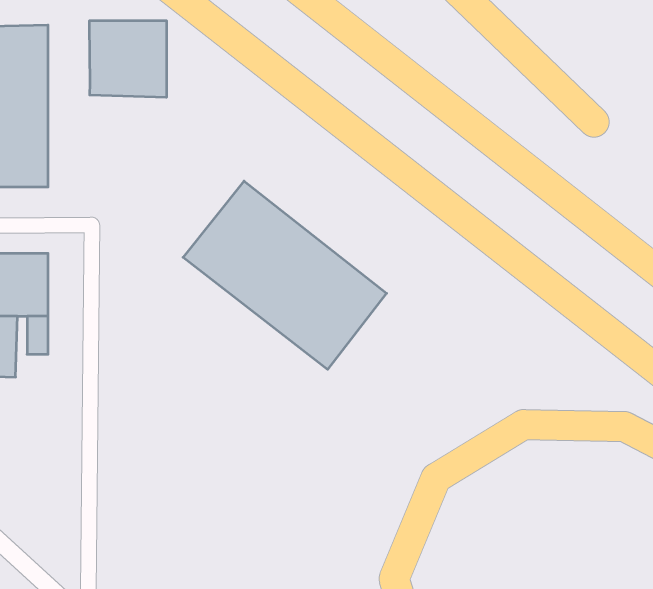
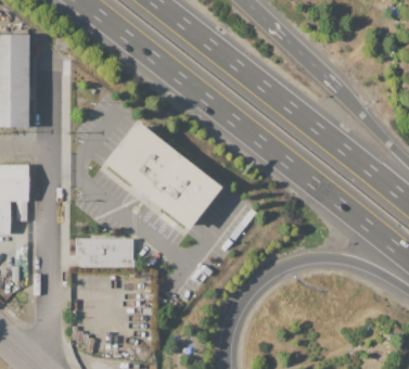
building: [89,21,166,97] -> none
building: none -> [76,239,137,268]

